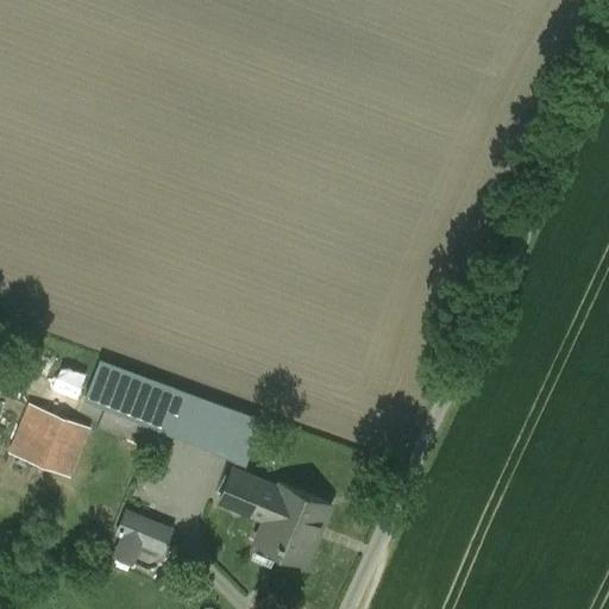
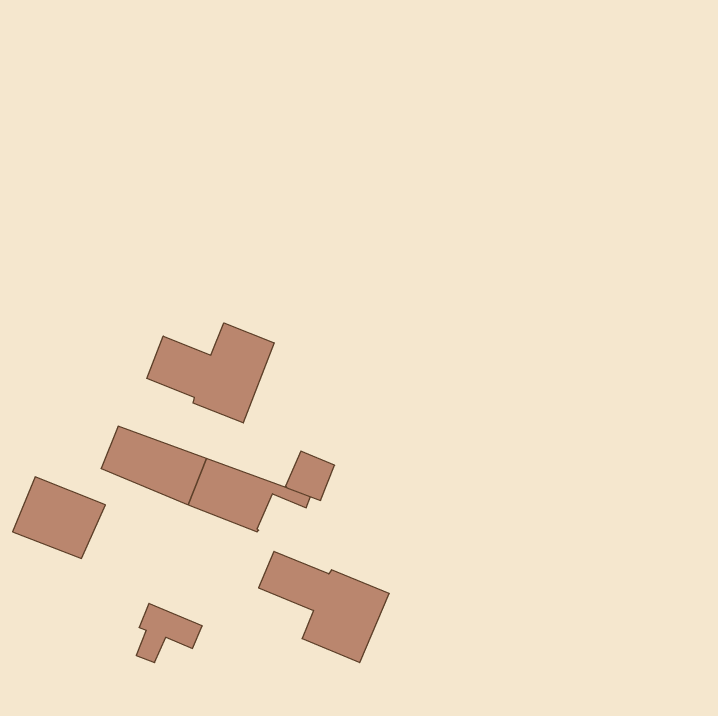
building: none -> [147,323,274,423]
building: [218,420,259,462] -> [285,451,335,500]

